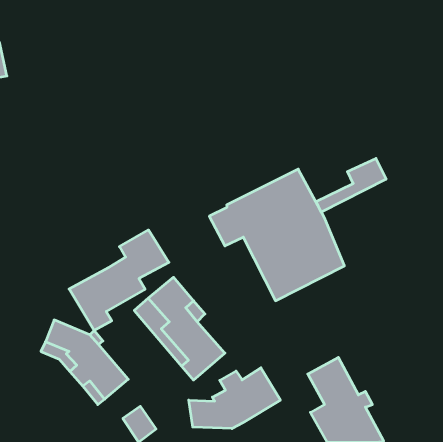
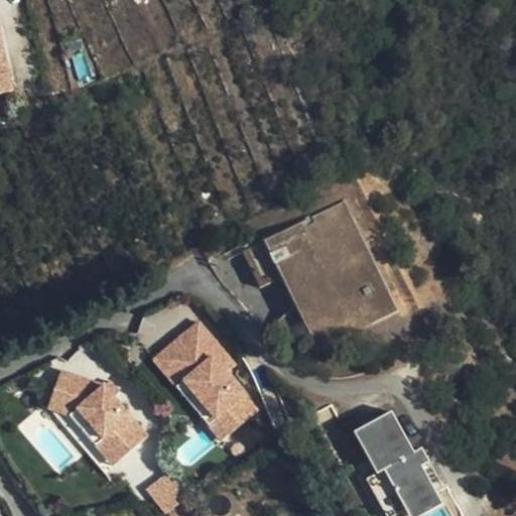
building: [316,158,386,212] -> none
building: [69,230,169,330] -> none
building: [189,368,280,429] -> none

